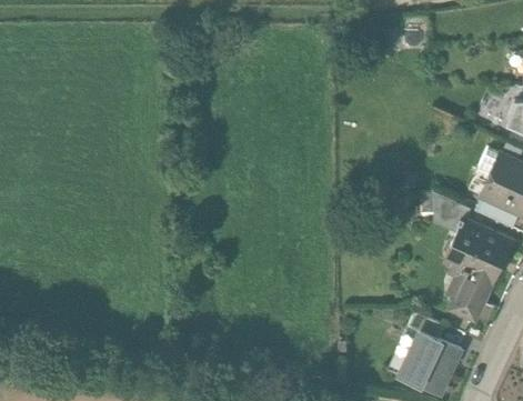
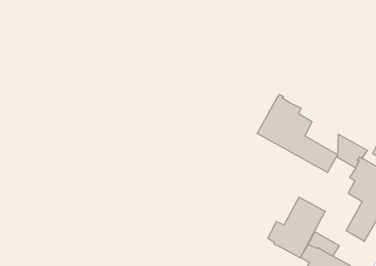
building: none -> [257,94,337,173]
building: none -> [268,197,325,258]

